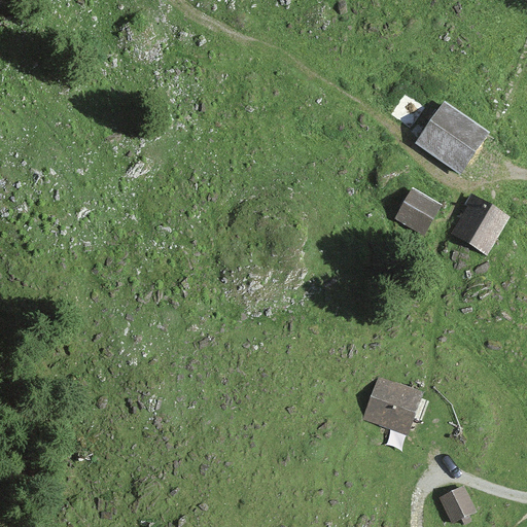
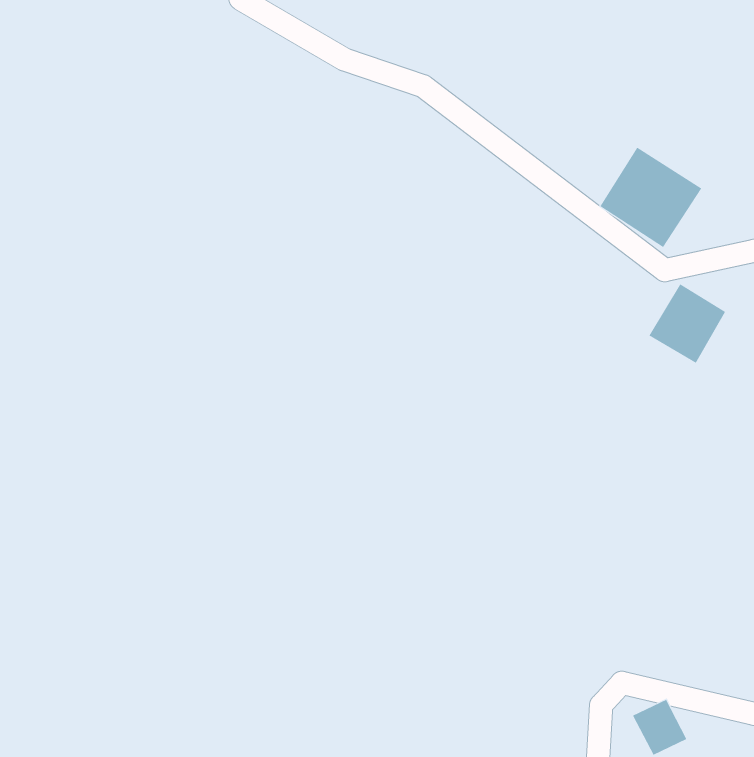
building: [392,187,444,238] -> none
building: [364,380,421,432] -> none

